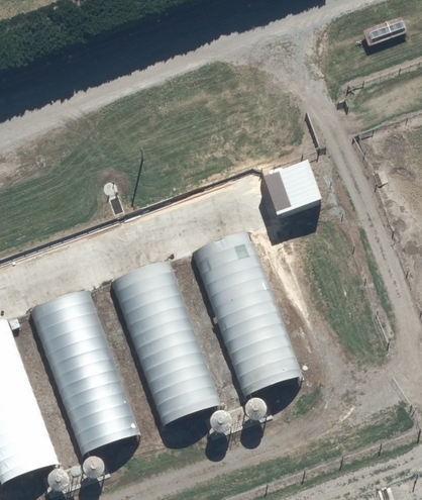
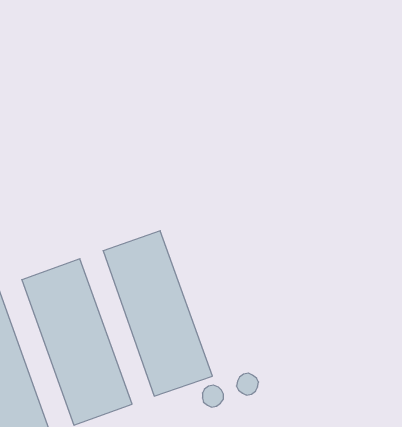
building: [268,159,316,205] -> none
building: [192,228,301,395] -> none

